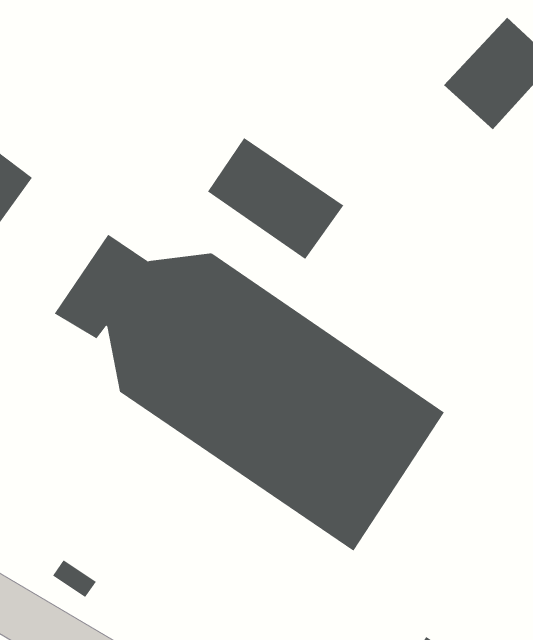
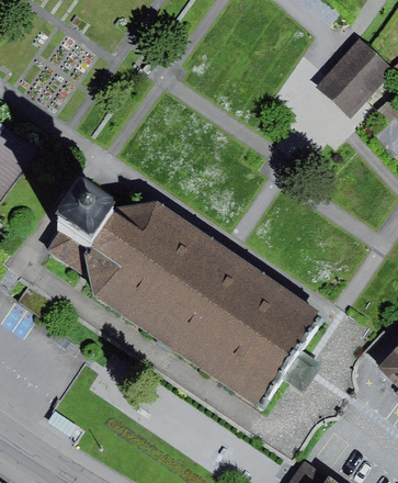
building: [207,137,344,260] -> none

